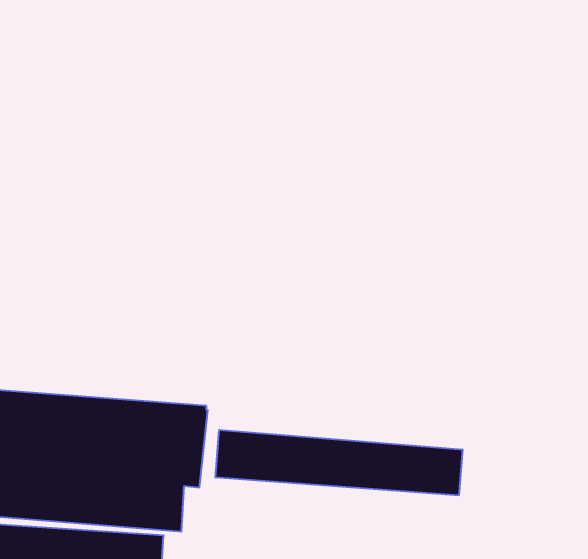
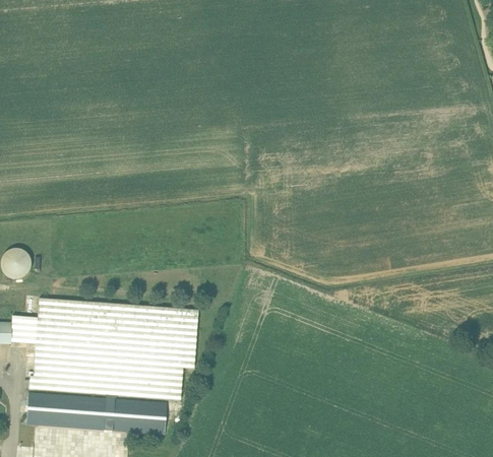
building: [215,430,462,495] -> none

